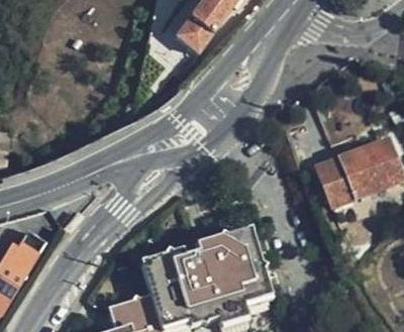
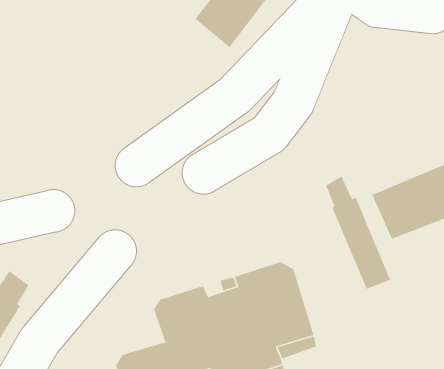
building: none -> [325,175,391,290]

